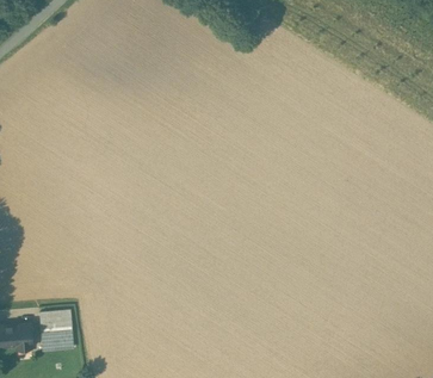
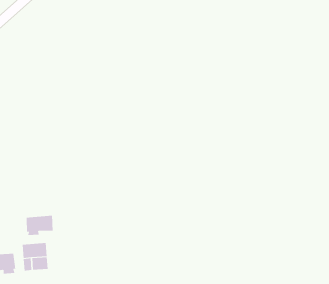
building: none -> [25,215,53,236]

